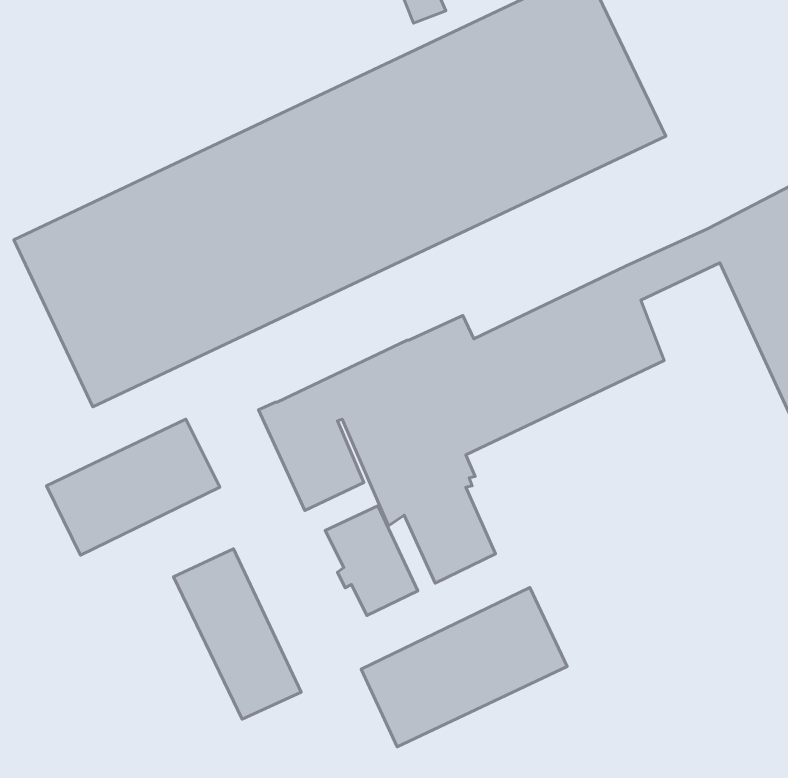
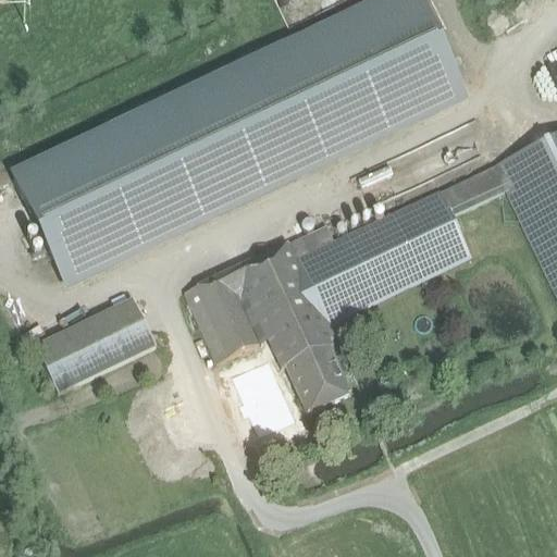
building: [174,549,301,719] -> none
building: [361,588,567,747] -> none

